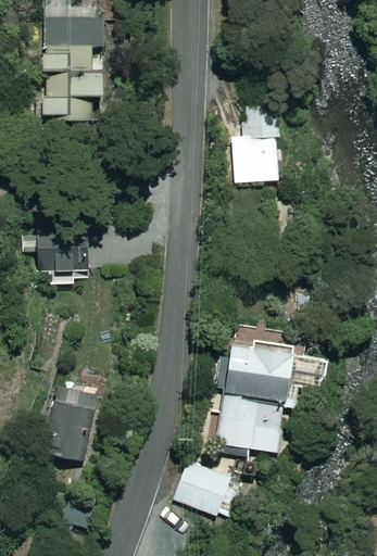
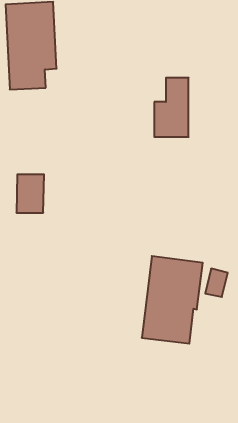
building: [42,402,92,460] -> none
building: [168,459,230,515] -> none

